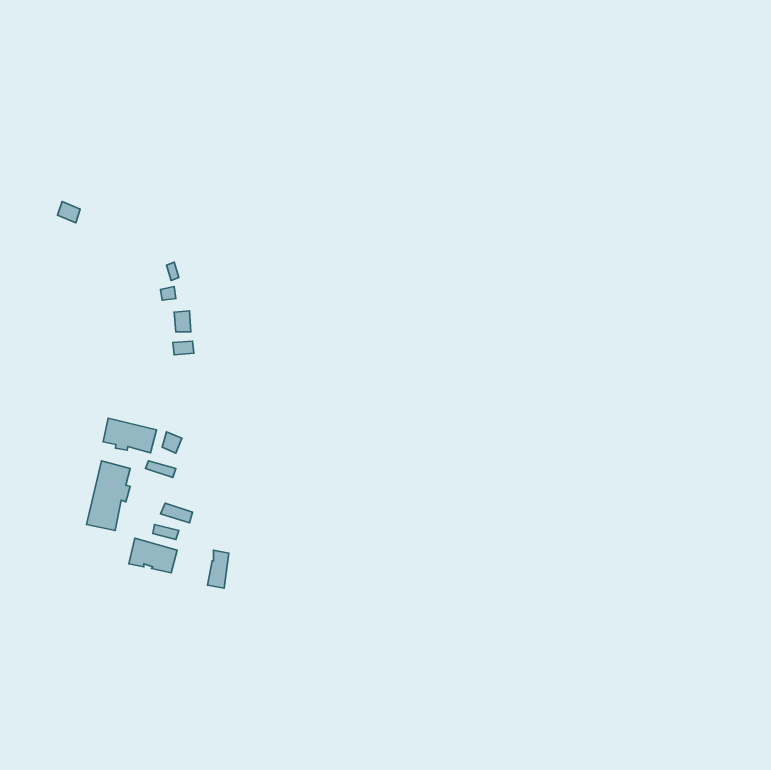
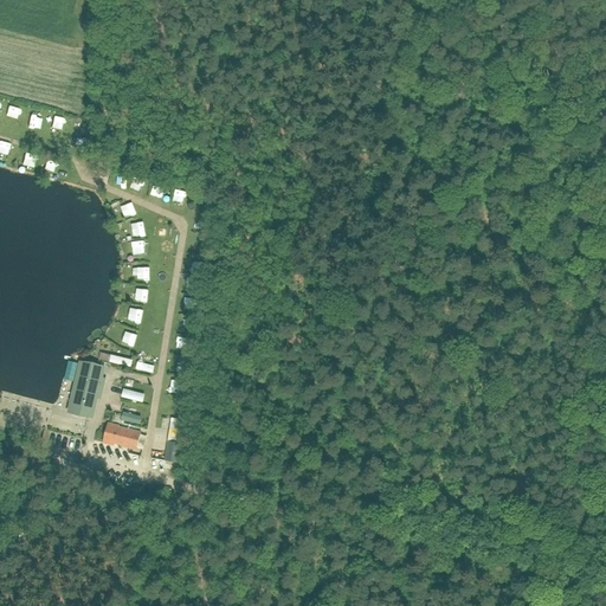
building: [103,418,156,453] -> none

